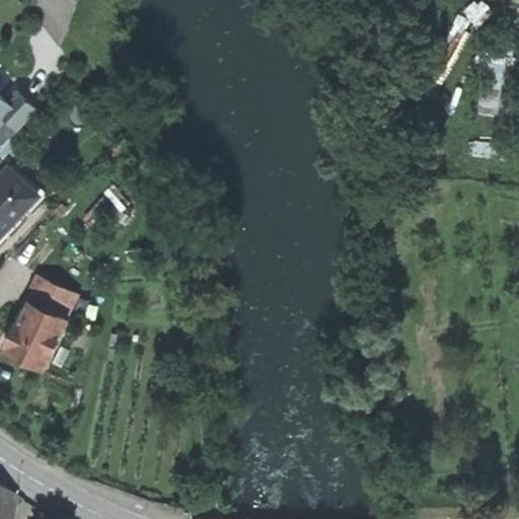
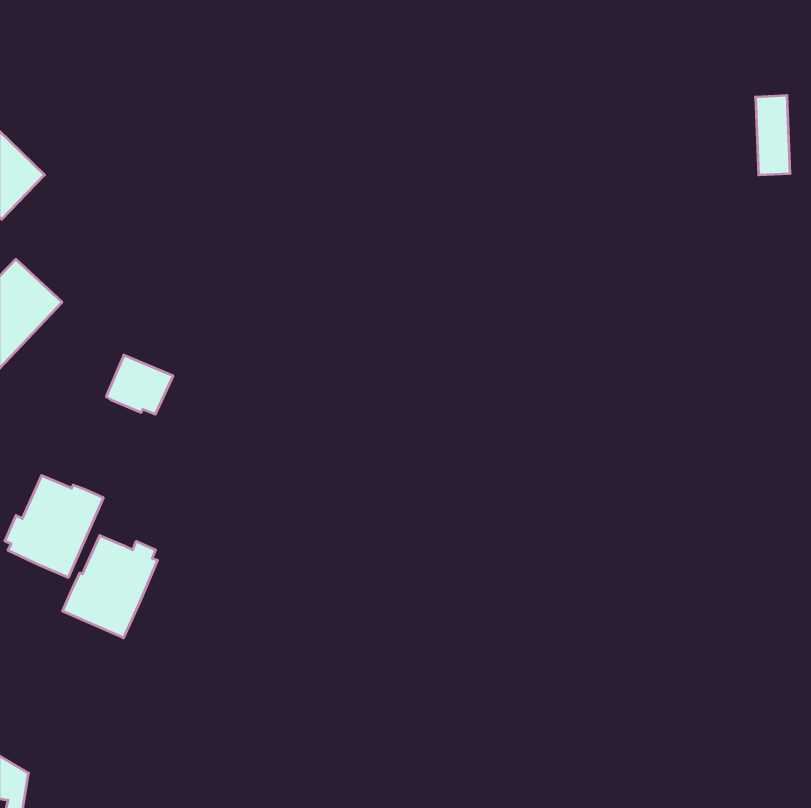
building: [23,278,66,315] -> [106,355,173,414]
building: none -> [63,535,157,638]

